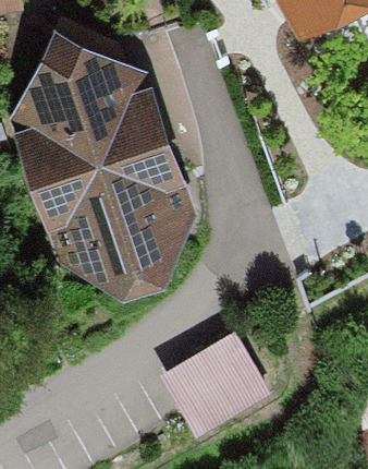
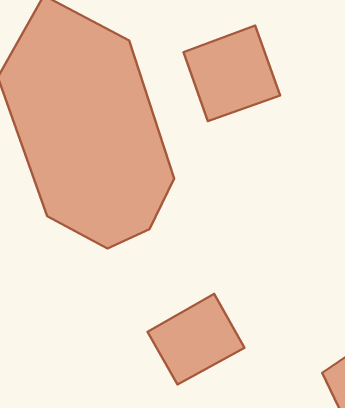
building: none -> [184,26,280,121]

